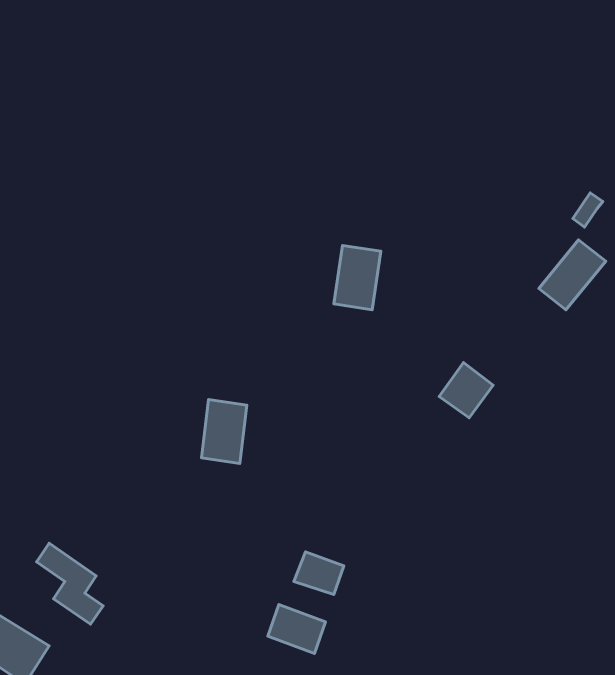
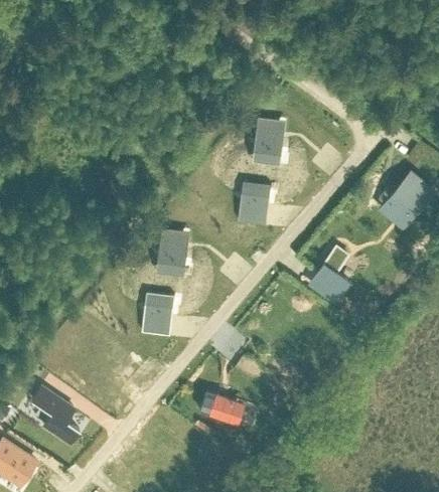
building: none -> [252,119,284,164]
building: none -> [158,227,190,273]
building: [268,605,325,654] -> none

